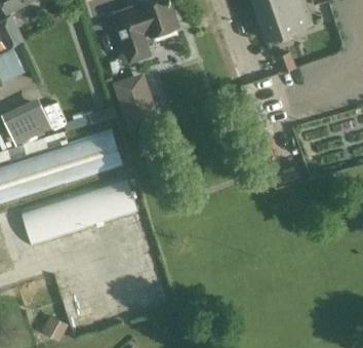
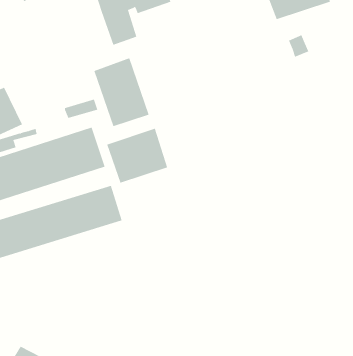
building: none -> [107,128,168,183]

